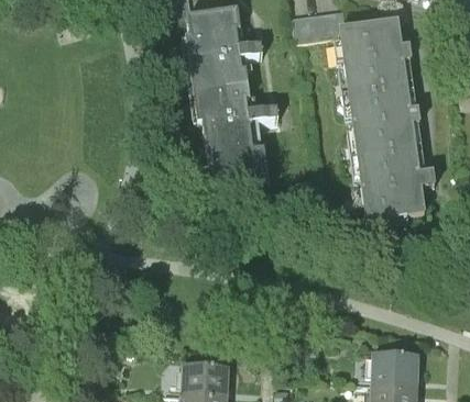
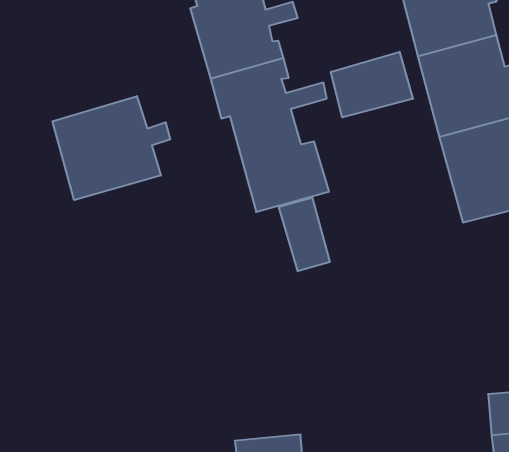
building: none -> [331,52,413,117]
building: none -> [52,96,170,200]
building: none -> [279,197,330,271]

